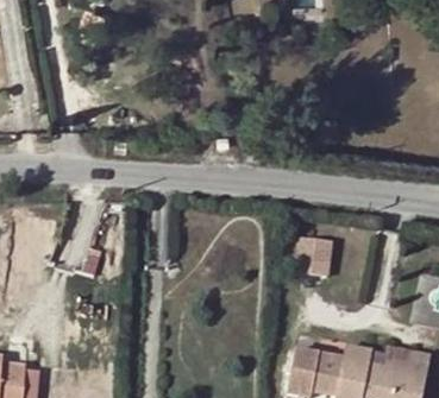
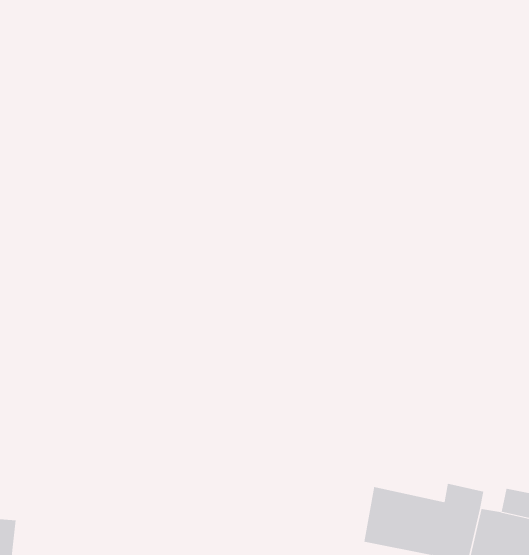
building: [295,236,333,277] -> none

